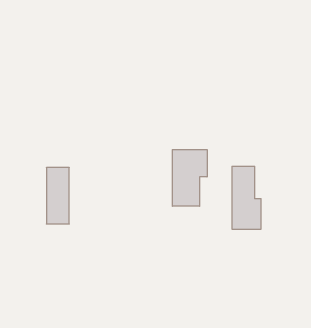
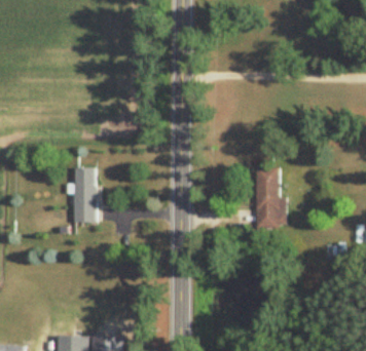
building: [172,150,207,206] -> none

